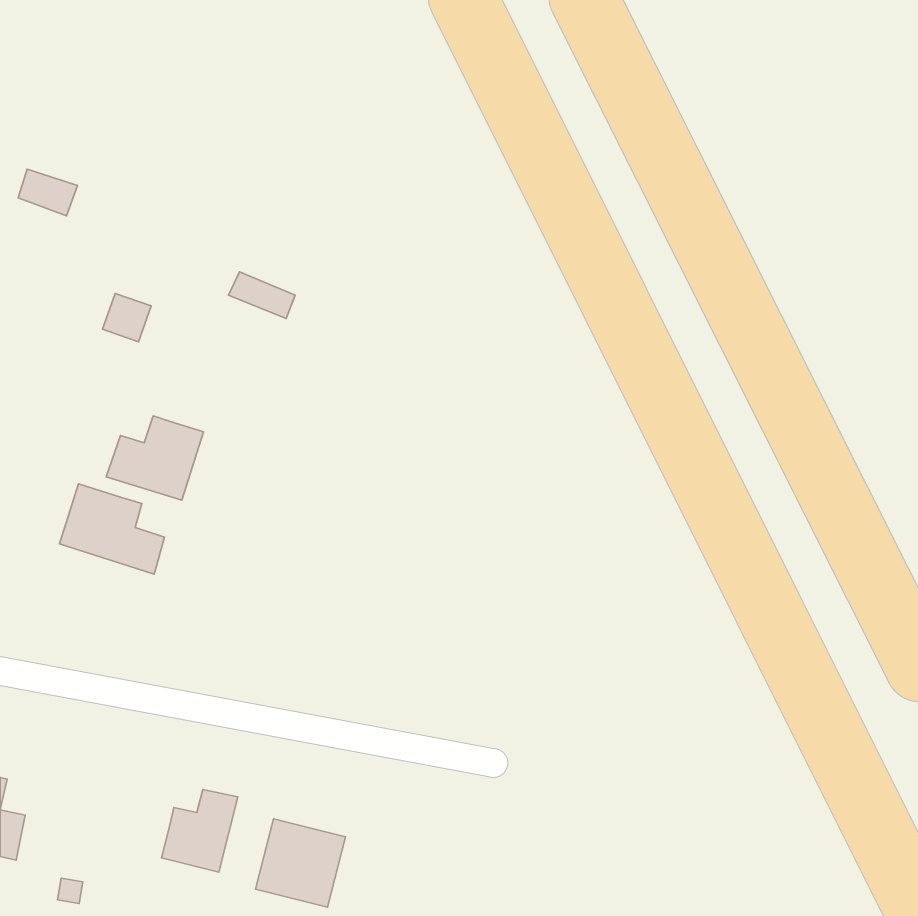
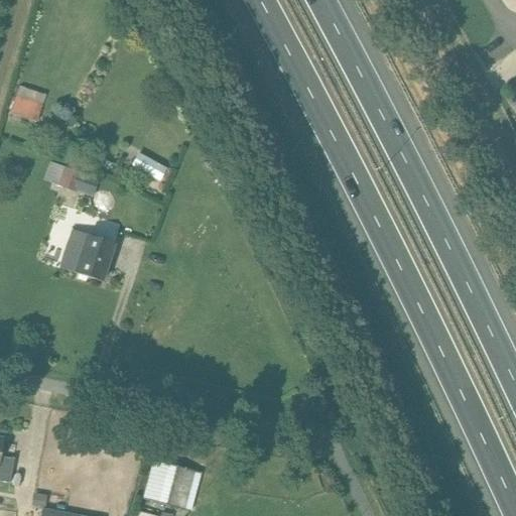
building: [59,484,164,574] -> none
building: [161,789,238,872] -> none

